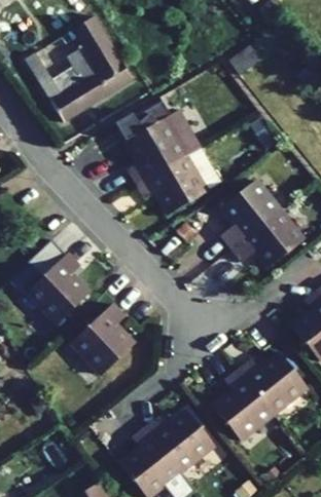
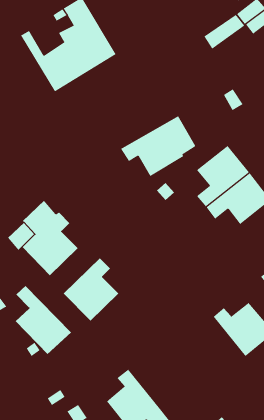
building: [118,101,202,184] -> none
building: none -> [15,285,72,355]
building: [214,370,276,441] -> none
building: [146,410,215,471] -> none

